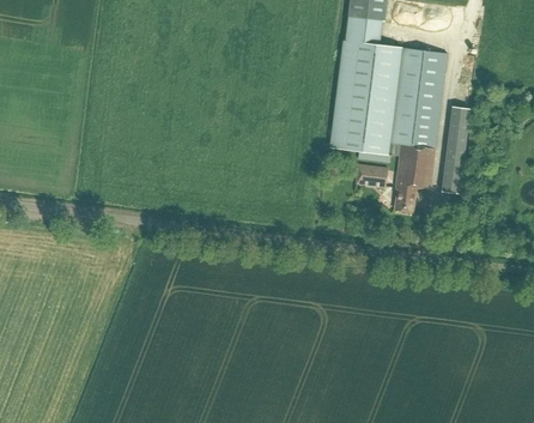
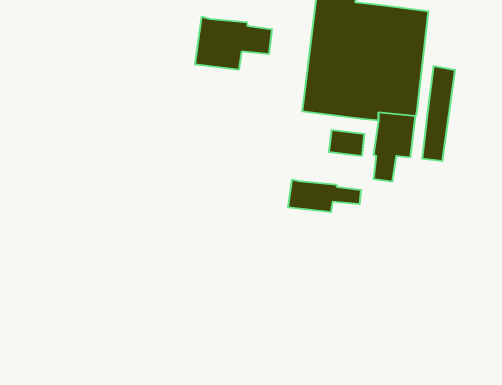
building: none -> [195,17,272,70]
building: none -> [288,180,361,212]

